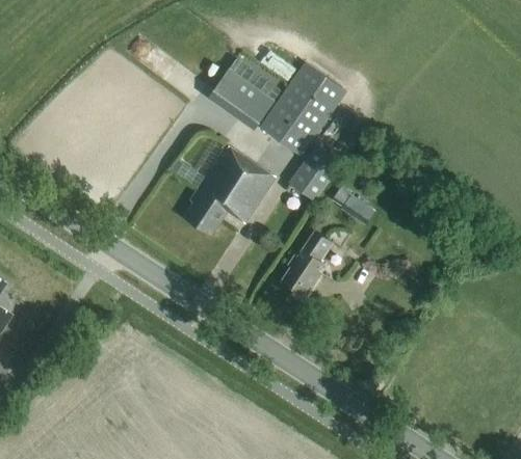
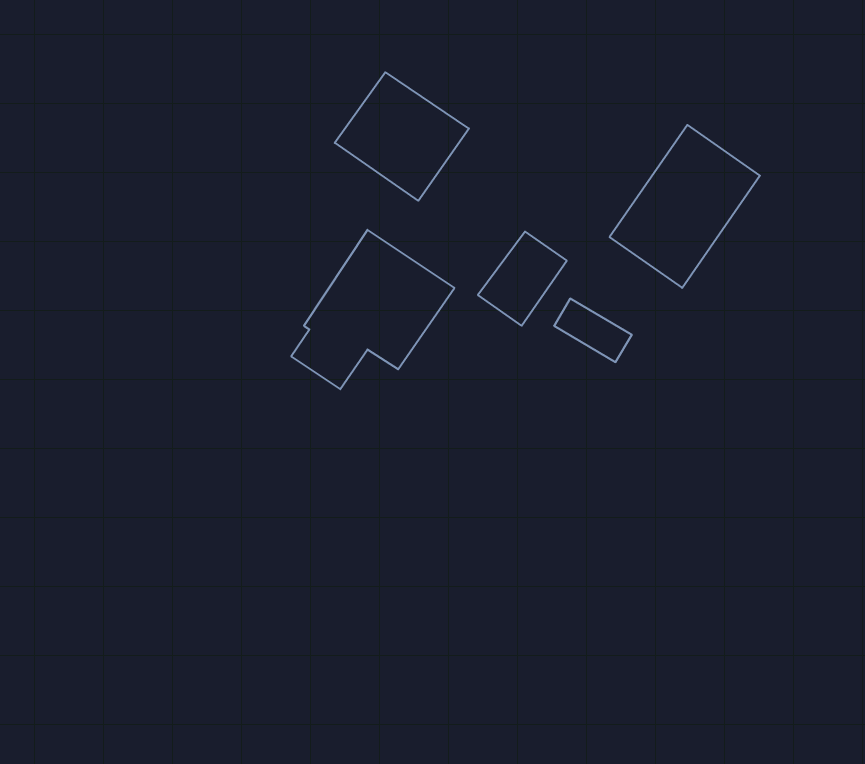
building: [259,63,345,157] -> [610,125,760,288]
building: [280,232,333,296] -> none

